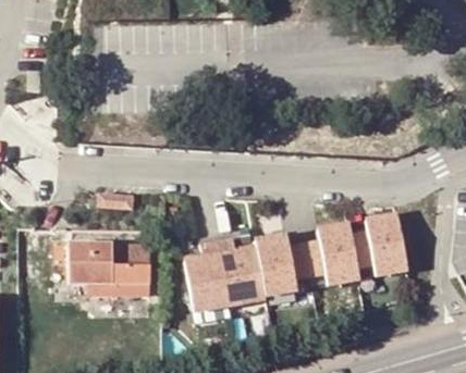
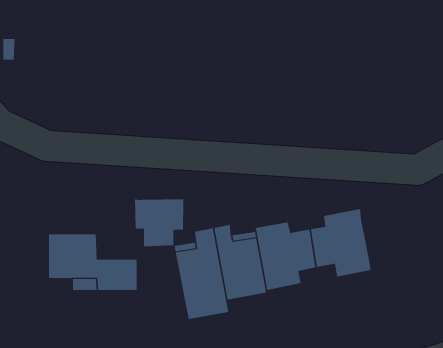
building: none -> [135,199,184,247]
building: [352,212,407,273] -> none

